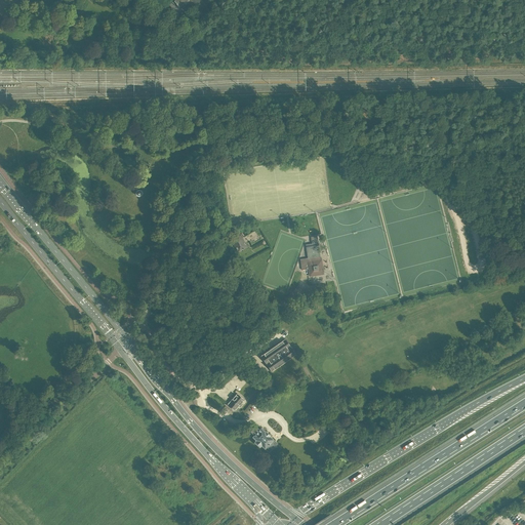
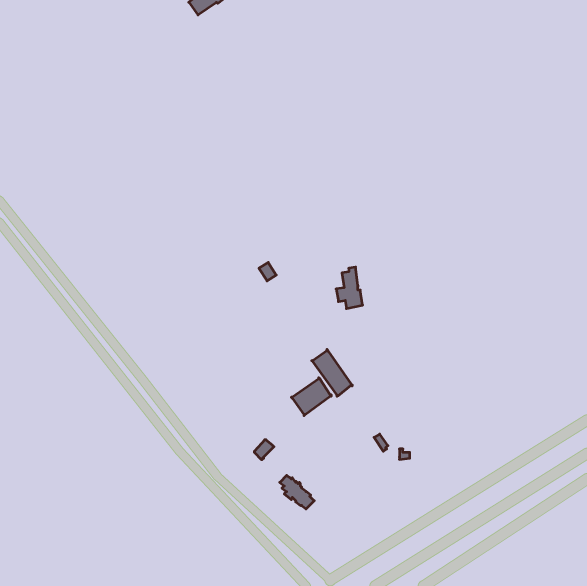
building: none -> [312,349,352,396]

